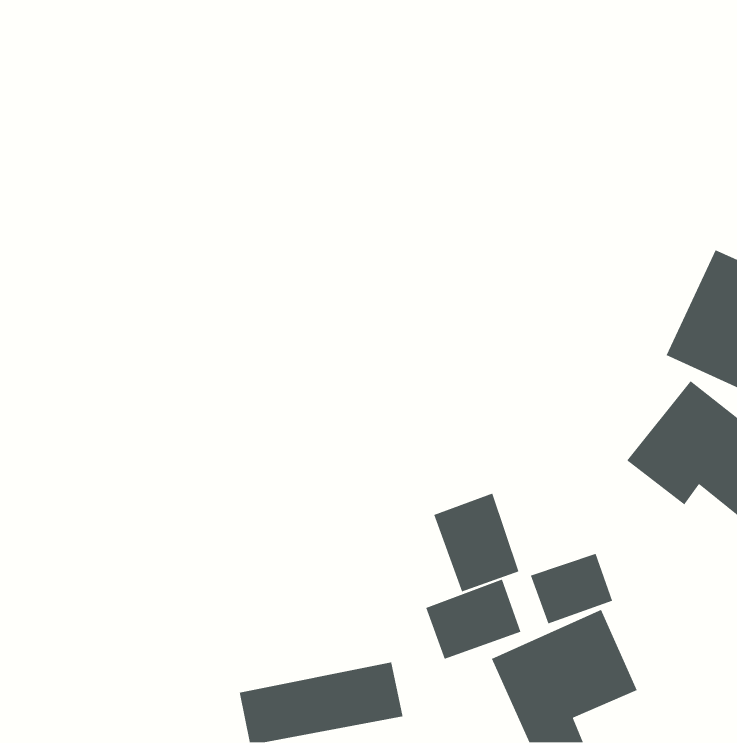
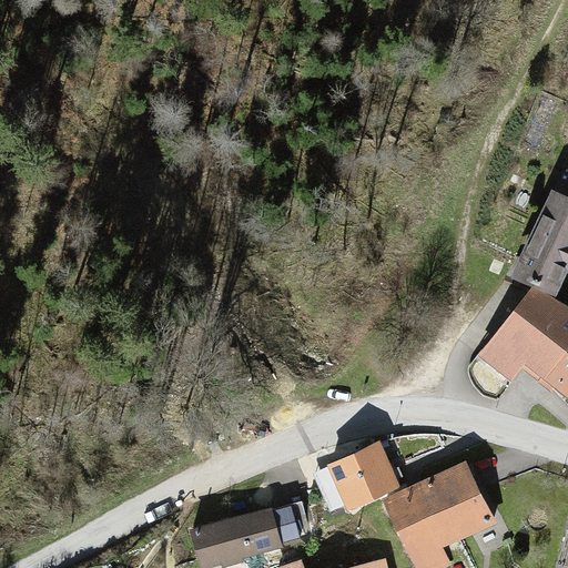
building: [433,493,519,593] -> none
building: [530,553,613,624] -> none

